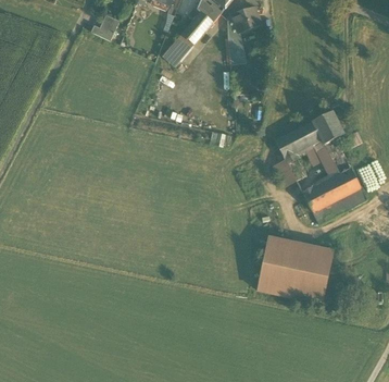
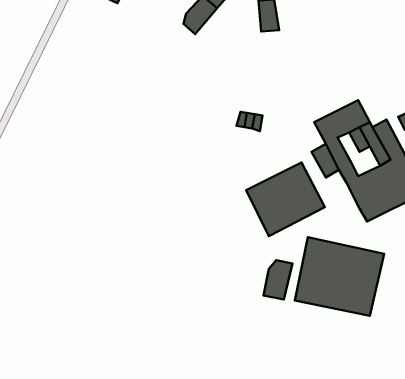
building: [311,110,343,144] -> none
building: none -> [246,163,325,236]
building: none -> [264,260,292,300]

